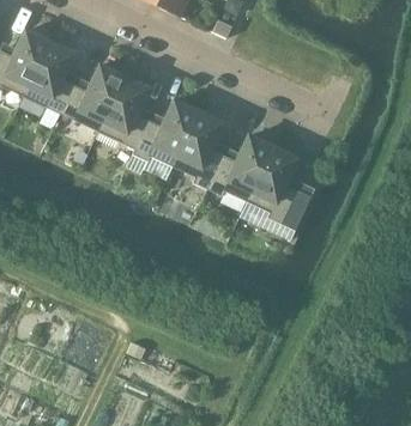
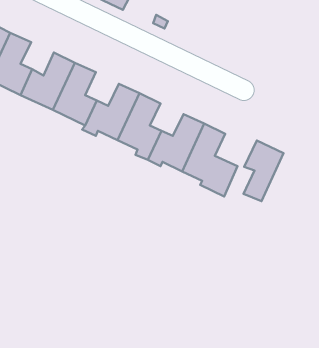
building: none -> [244,141,284,201]

